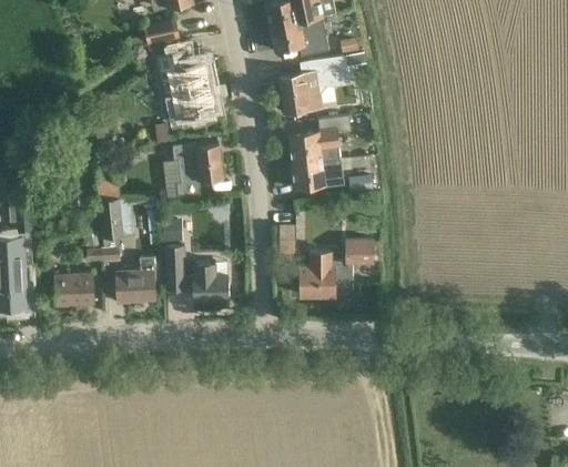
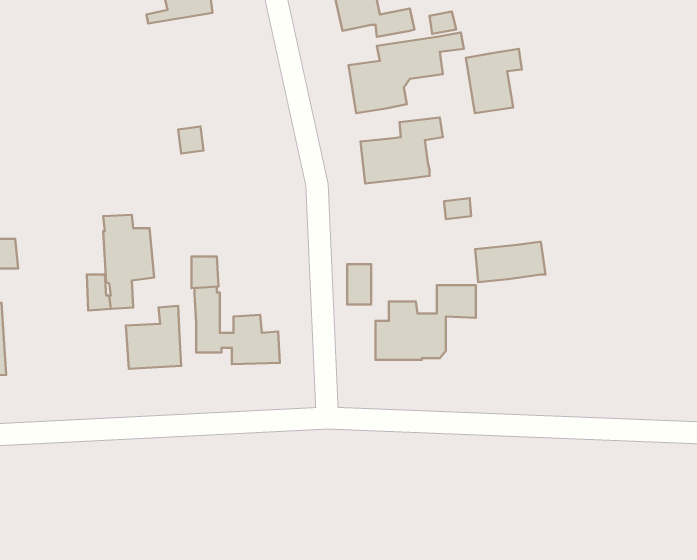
building: [156,52,215,119] -> none
building: none -> [466,49,522,113]
building: [173,144,224,196] -> none
building: [293,160,345,190] -> [475,242,545,282]
building: [54,273,95,306] -> none

